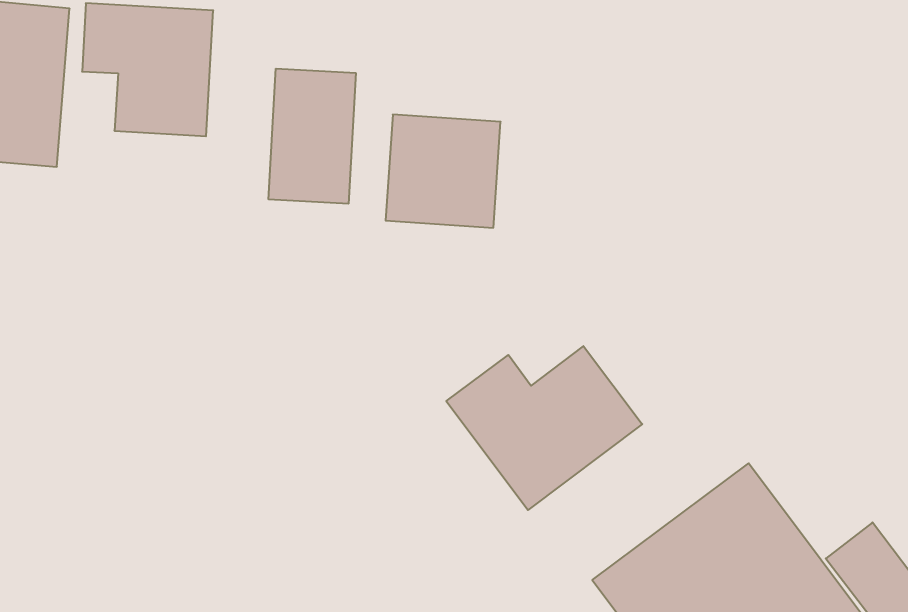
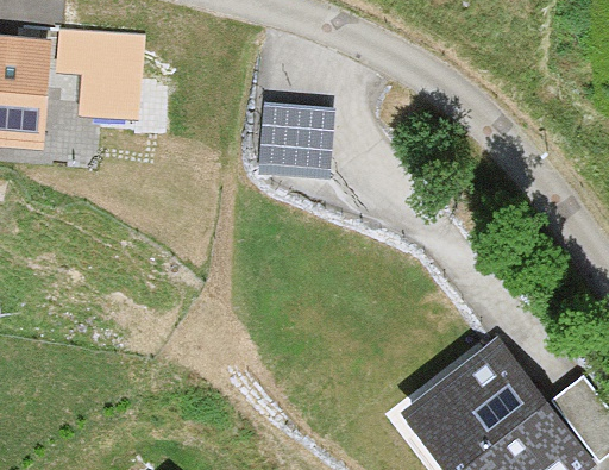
building: [269,69,356,204] -> none
building: [446,346,642,510] -> none

